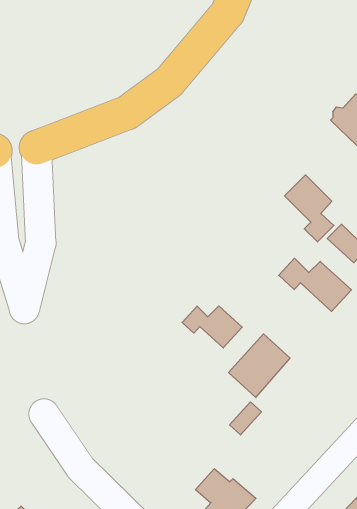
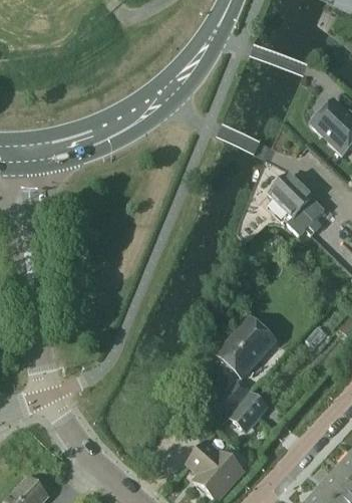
building: [279,258,351,311] -> none
building: [182,306,242,348] -> none
building: none -> [231,394,268,428]

